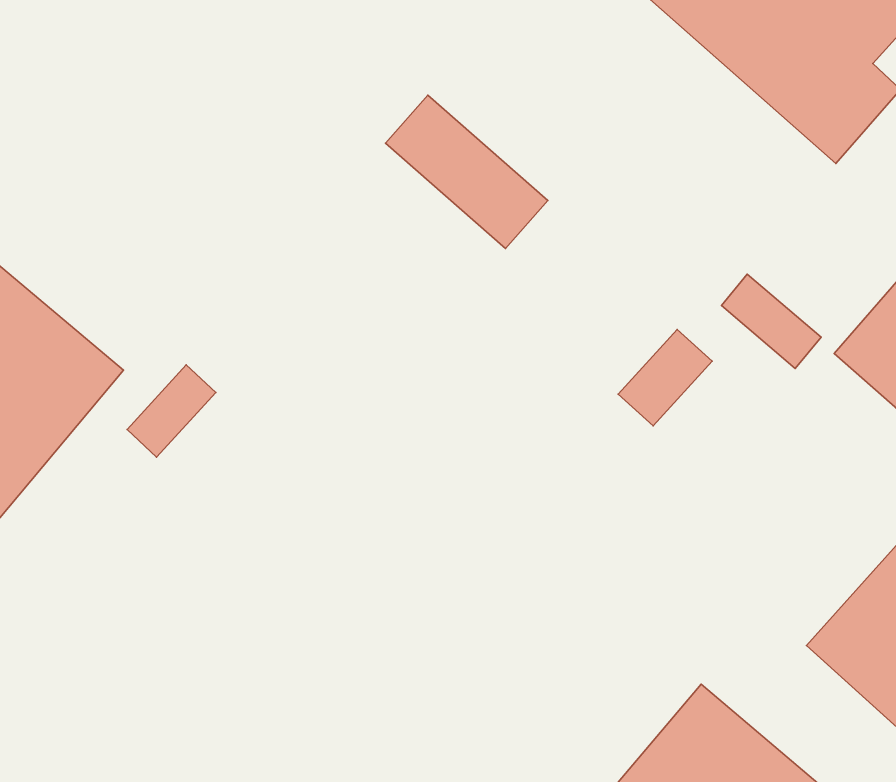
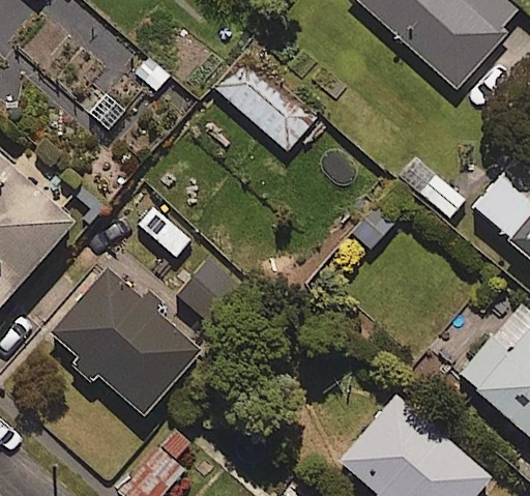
building: none -> [49,265,203,417]

